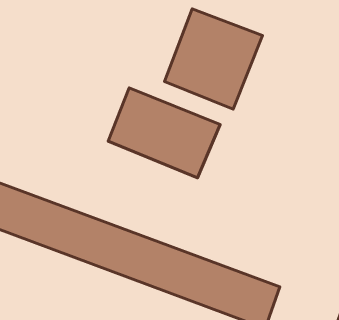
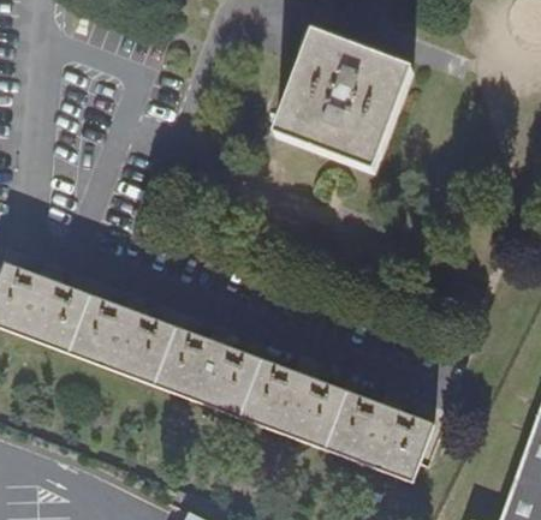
building: [108,88,220,178] -> none

